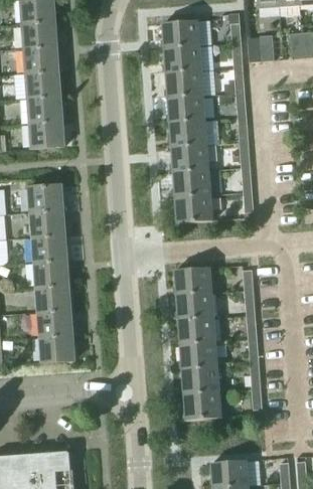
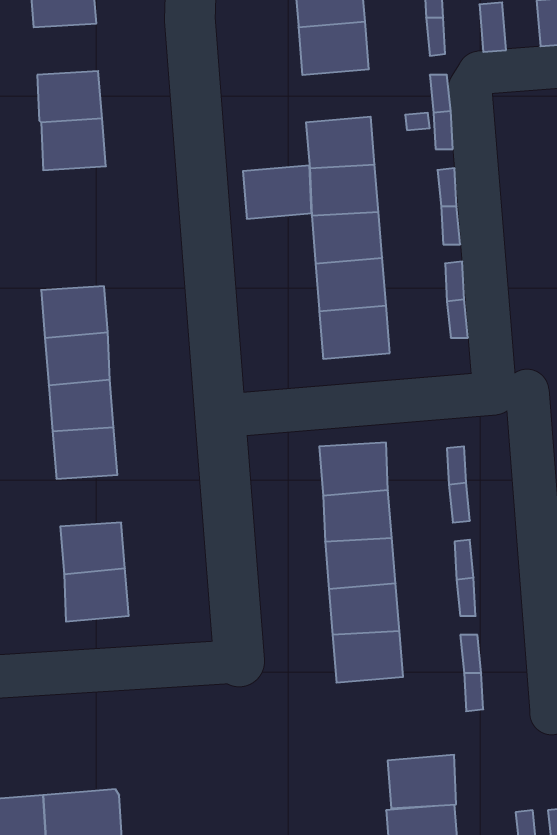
building: [24,46,58,73] -> none
building: [166,70,202,99] -> [243,165,311,219]
building: [29,122,64,149] -> none
building: [36,285,70,312] -> none
building: [184,391,220,420] -> [388,755,456,808]

